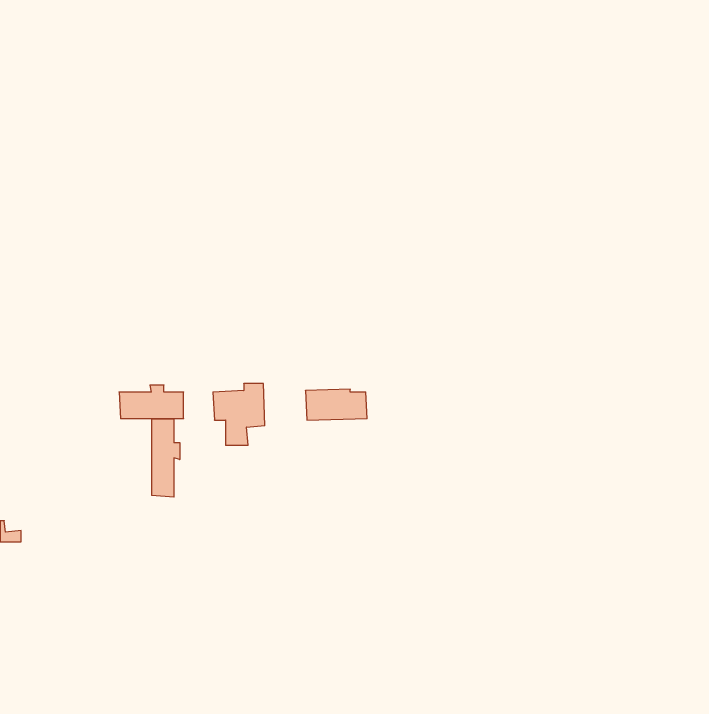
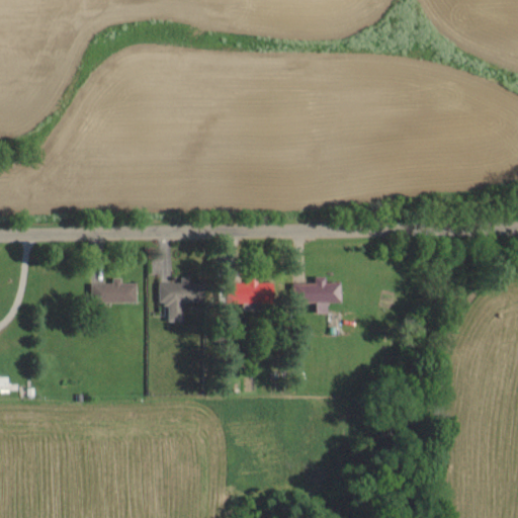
building: none -> [293,276,339,313]
building: [152,419,180,497] -> none

